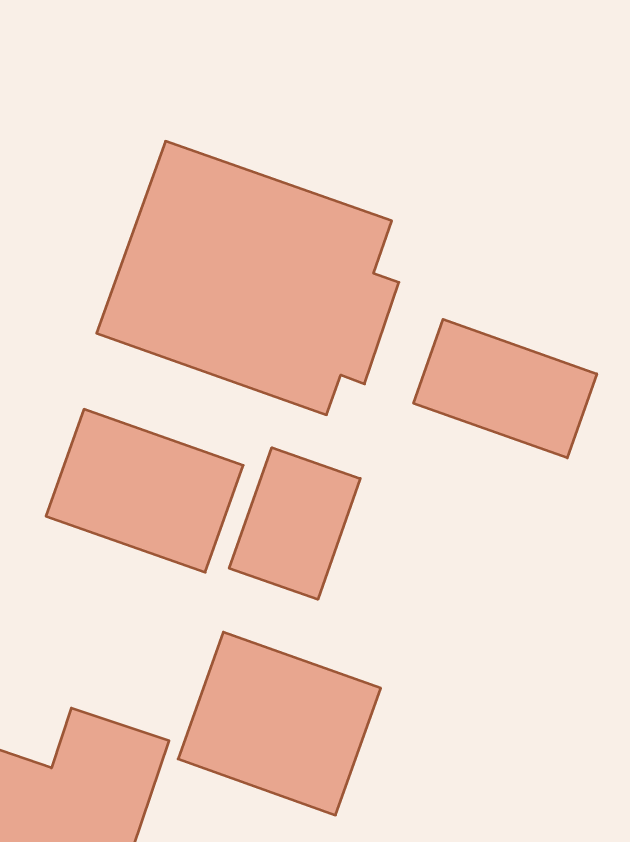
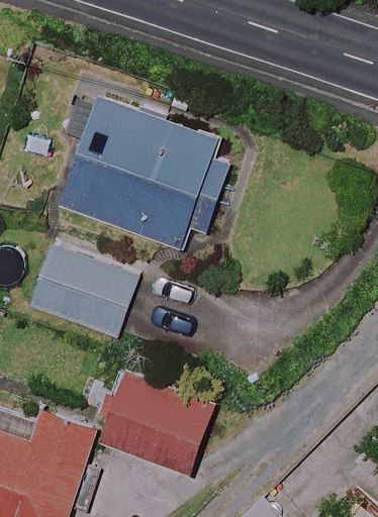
building: [414,319,597,458] -> none
building: [229,448,360,599] -> none

